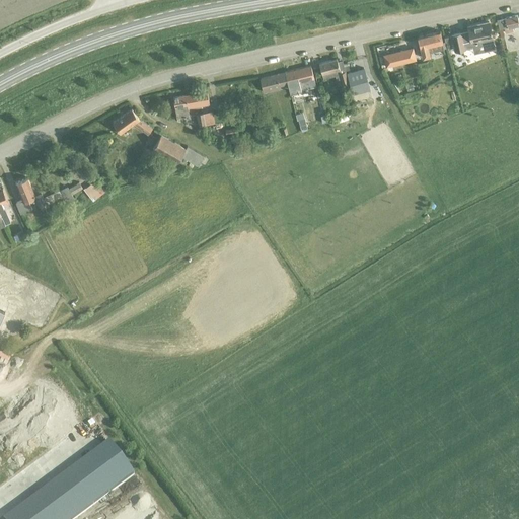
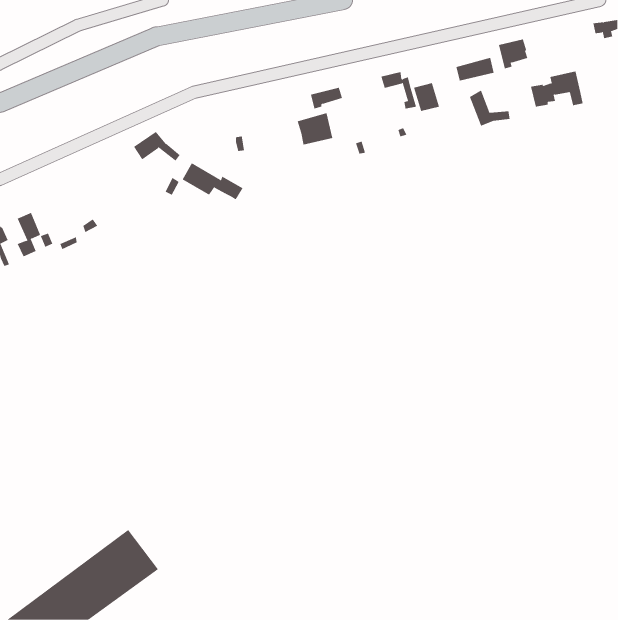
building: [449,21,494,52] -> [530,71,584,107]
building: [284,65,314,92] -> [297,113,333,145]
building: none -> [469,90,510,126]
building: [172,92,209,123] -> none

